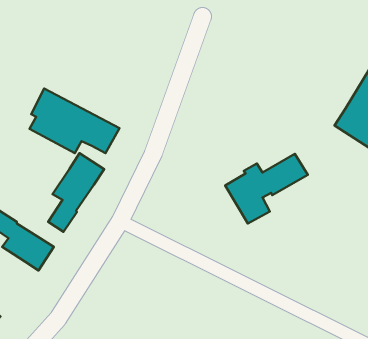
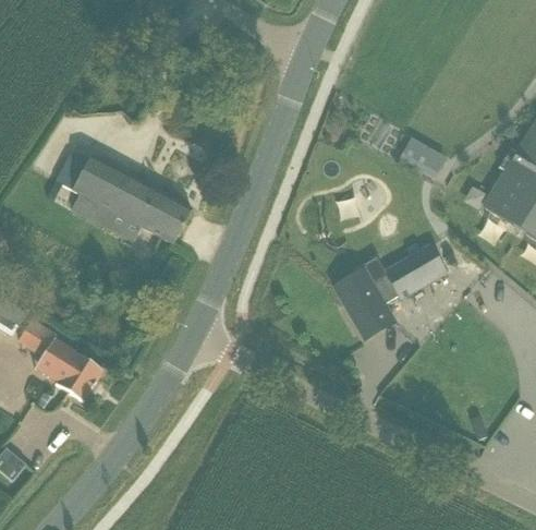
building: none -> [403,135,451,177]
building: [48,153,104,232] -> none

